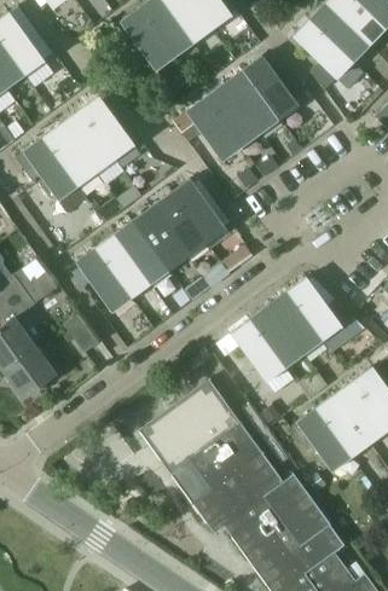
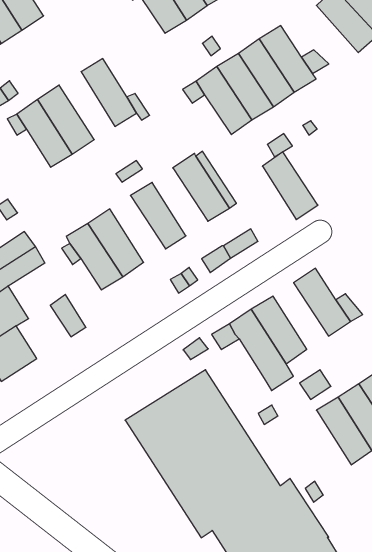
building: [62,110,115,172] -> none
building: [152,193,205,255] -> [262,152,318,220]
building: [115,221,168,282] -> none
building: [270,292,323,353] -> none
building: [296,409,351,470] -> none

